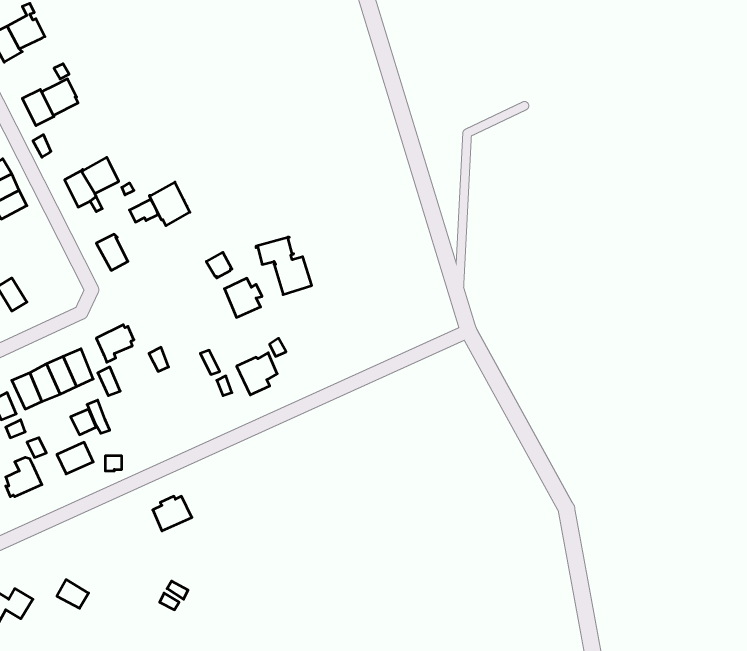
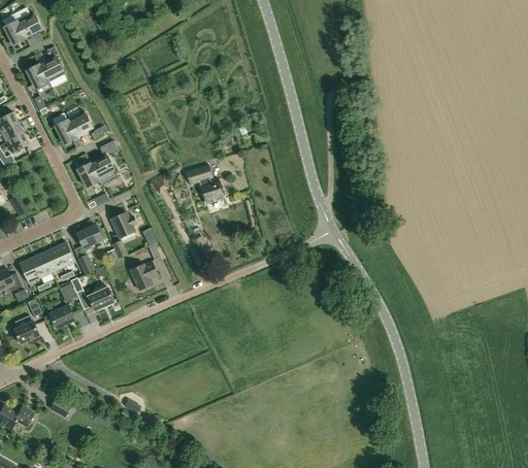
building: [149,182,190,226] -> [90,156,118,186]
building: [224,278,262,317] -> [110,211,136,238]
building: [237,353,277,395] -> [130,261,158,290]
building: [153,496,192,531] -> [88,287,114,310]

